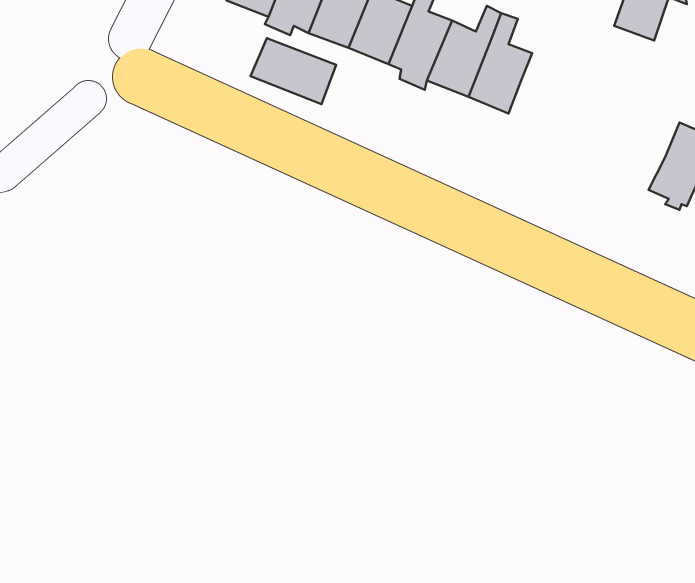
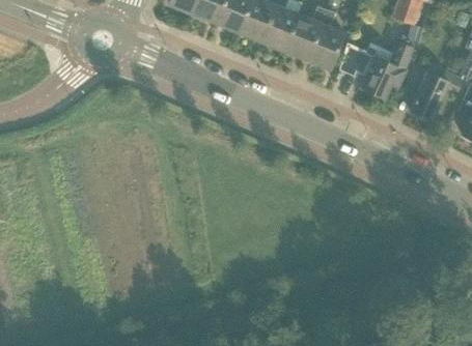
building: [251,38,336,104] -> none
building: none -> [340,40,414,98]

